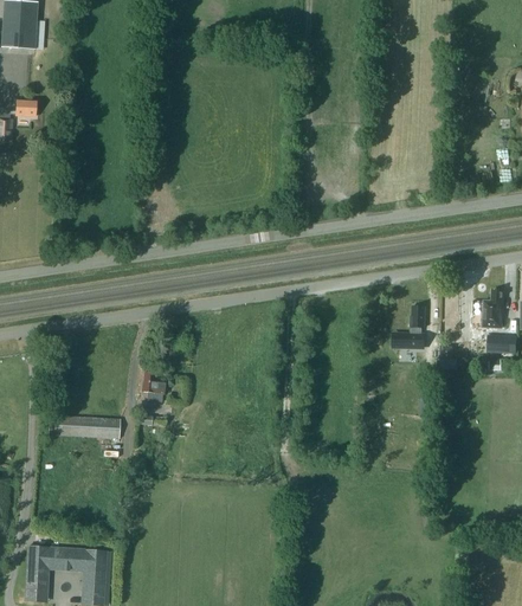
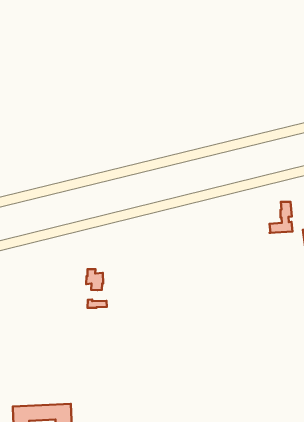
building: [47,415,120,438] -> none

